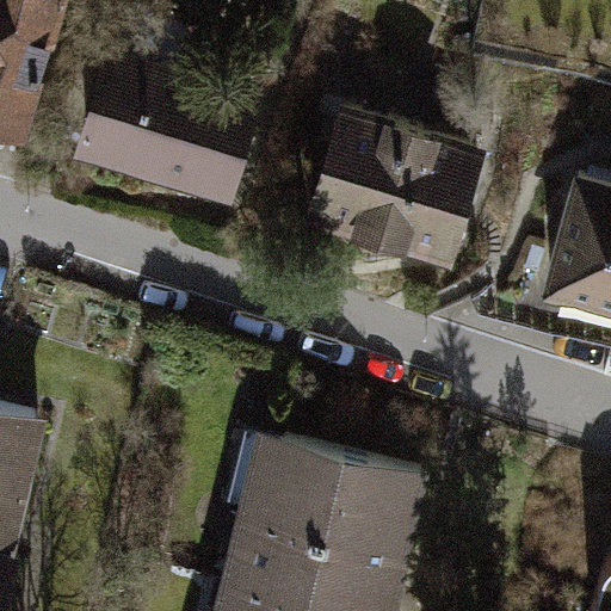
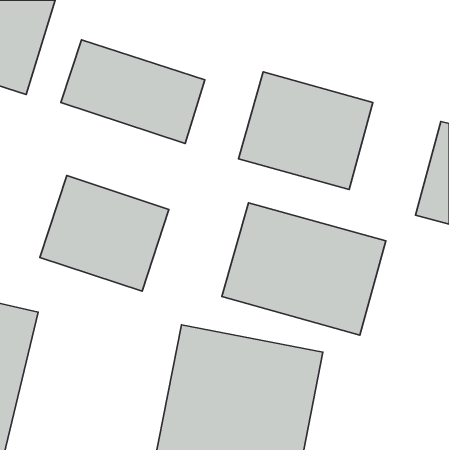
building: none -> [40,175,169,291]
building: none -> [222,203,386,335]

